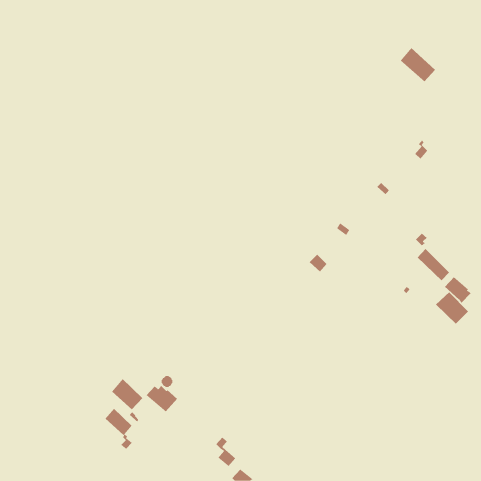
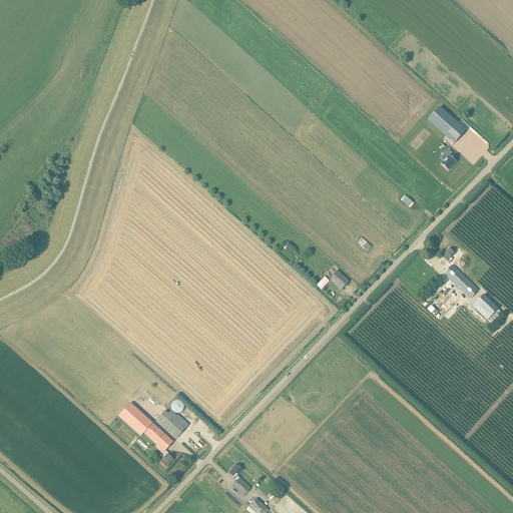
building: [400,47,436,82] -> [428,105,466,142]
building: [435,291,469,325] -> none
building: [104,408,133,449] -> [143,422,173,466]

